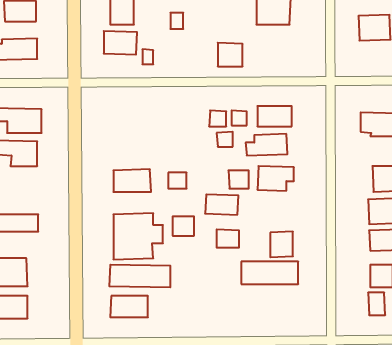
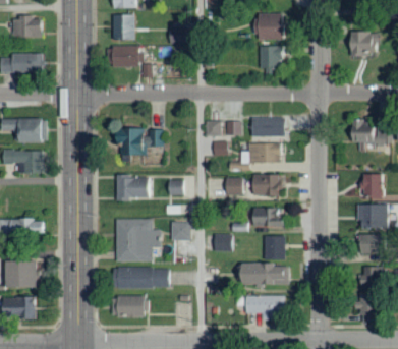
building: [218,43,243,66] -> [261,46,284,68]
building: none -> [116,128,166,156]
building: [205,194,238,215] -> [251,208,283,227]
building: none -> [244,295,286,318]

